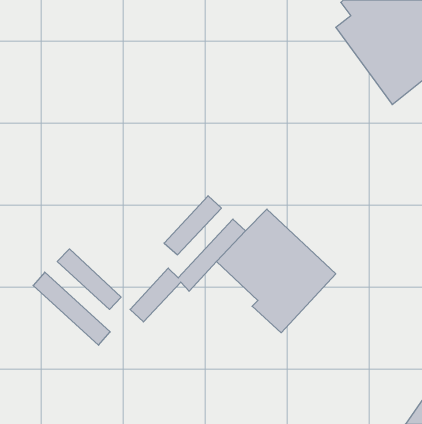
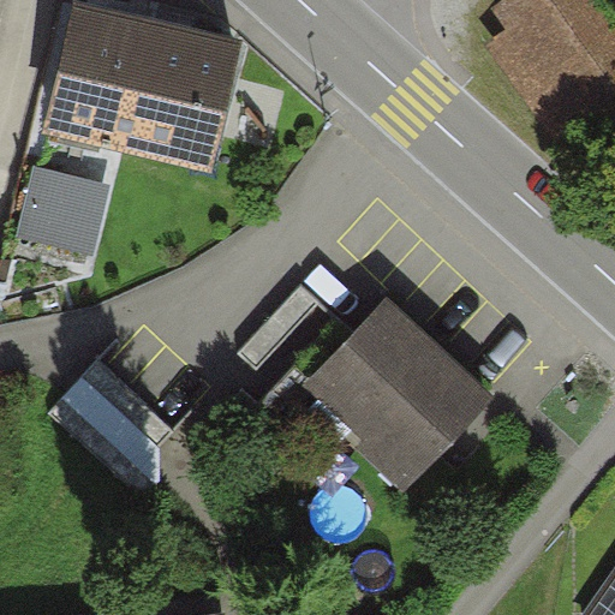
building: none -> [55,6,238,155]
building: none -> [28,168,106,249]

